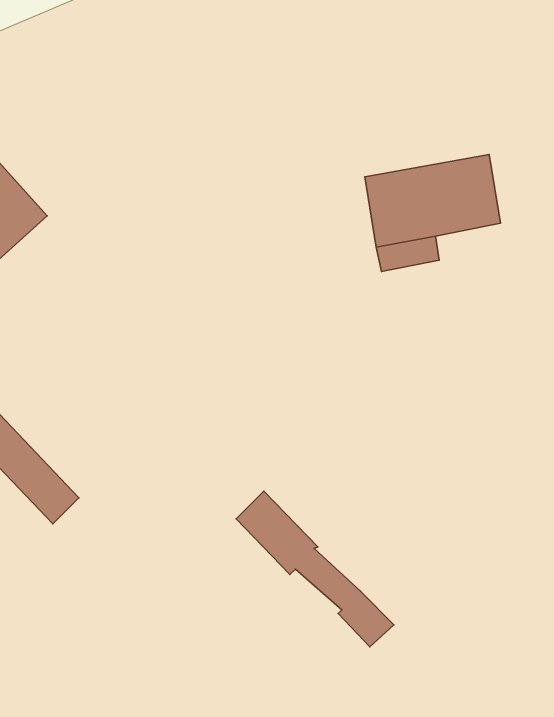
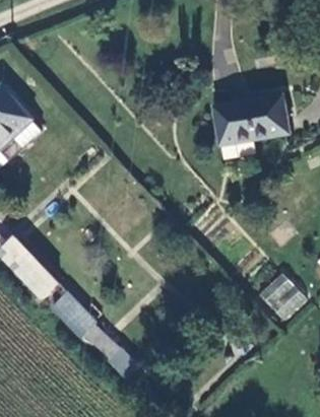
building: none -> [257,271,302,315]
building: [236,491,394,647] -> [49,290,135,375]

